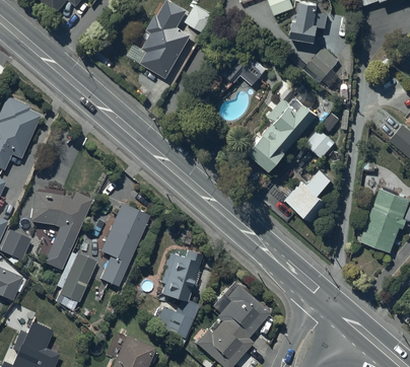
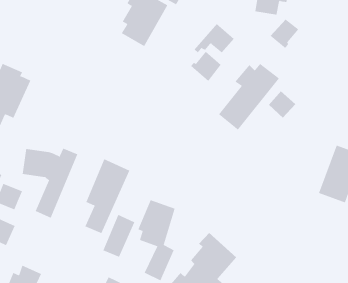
building: none -> [190,51,222,82]
building: [281,170,332,222] -> none
building: [60,251,96,300] -> [102,214,135,258]

